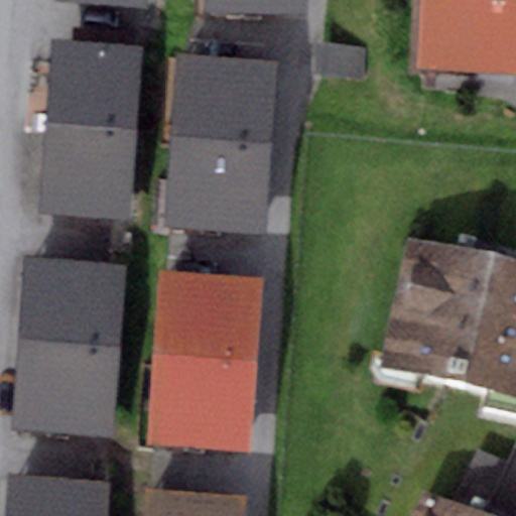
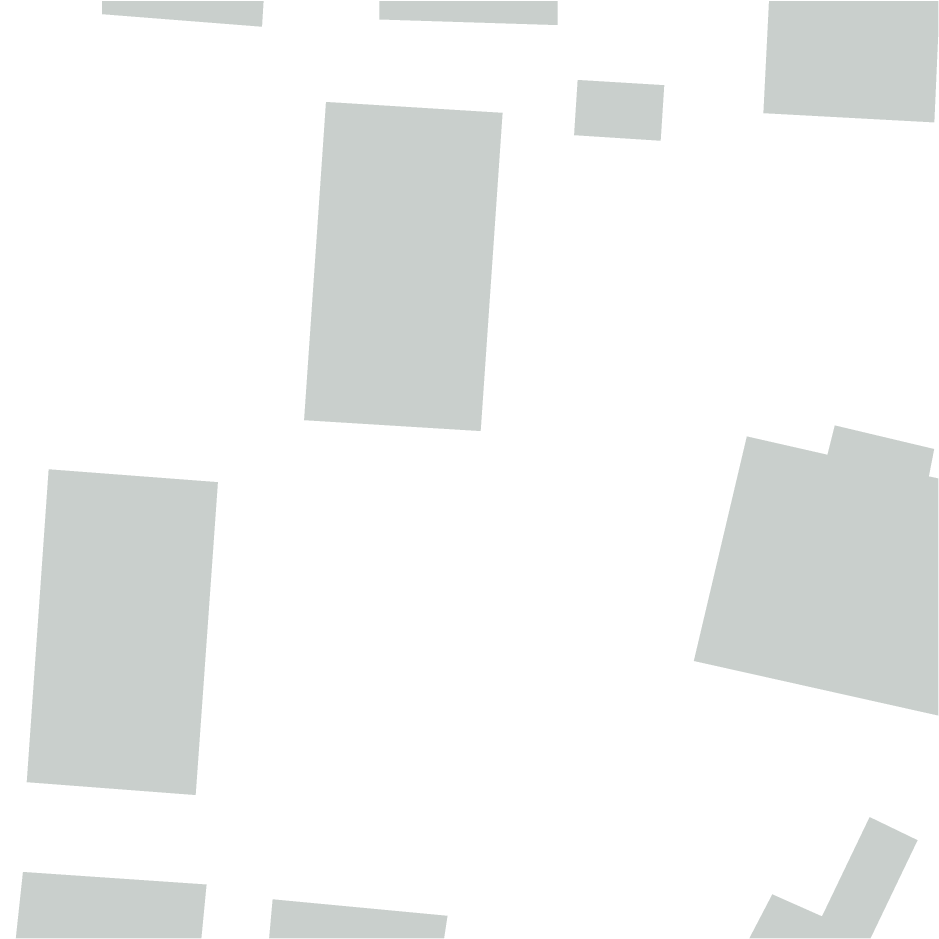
building: [41,41,145,220] -> none
building: [152,274,261,449] -> none

